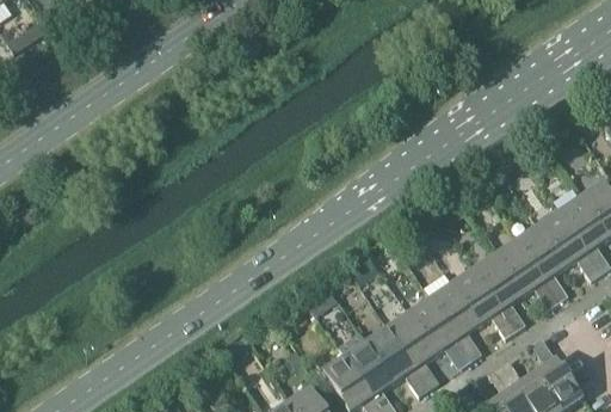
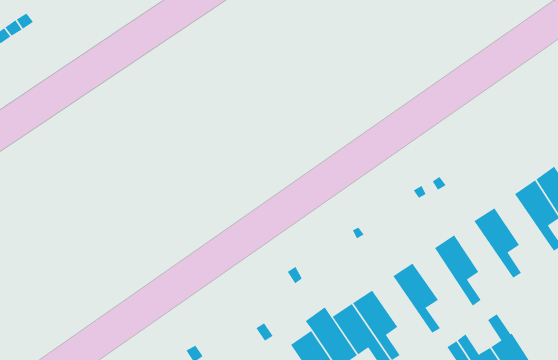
building: [538,210,600,278] -> none
building: [495,239,557,307] -> none
building: [451,268,514,337] -> none
building: [408,297,471,365] -> none

